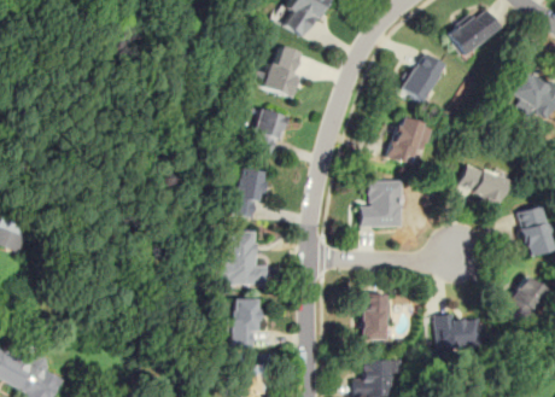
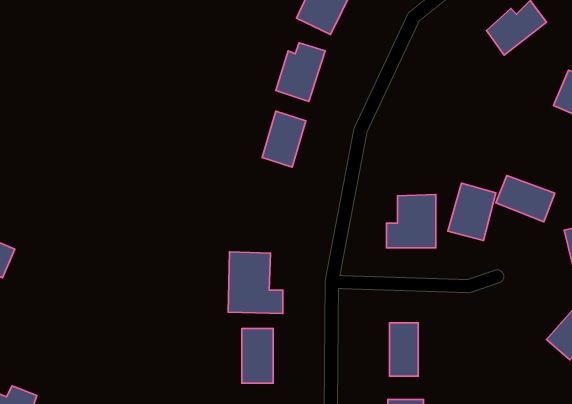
building: [399,47,449,104] -> none
building: [387,116,430,167] -> [448,183,496,241]
building: [230,168,265,220] -> none
building: [438,315,484,349] -> none

